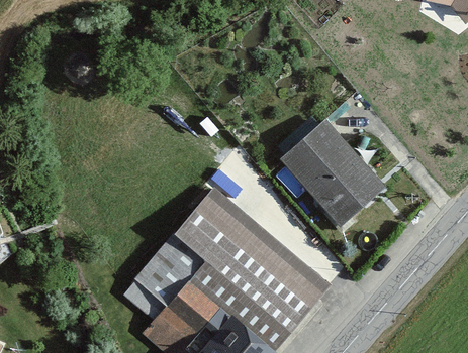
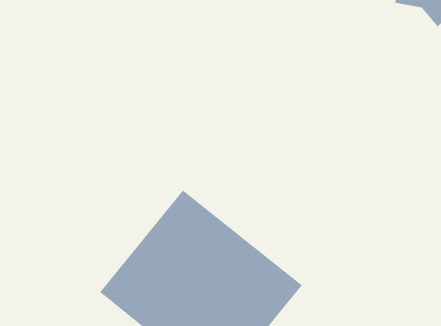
building: [279,116,381,221] -> none

